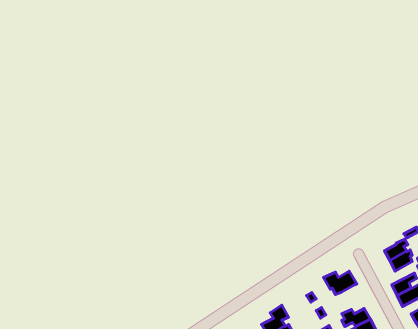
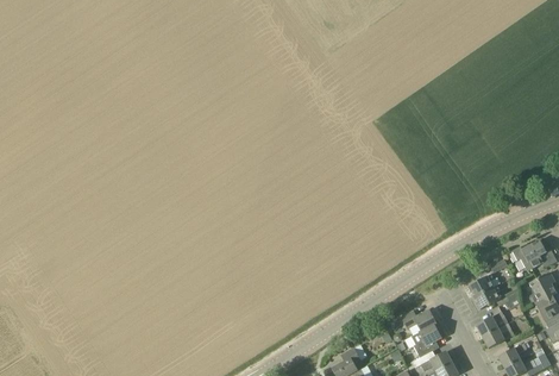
building: none -> [412,324,442,357]

